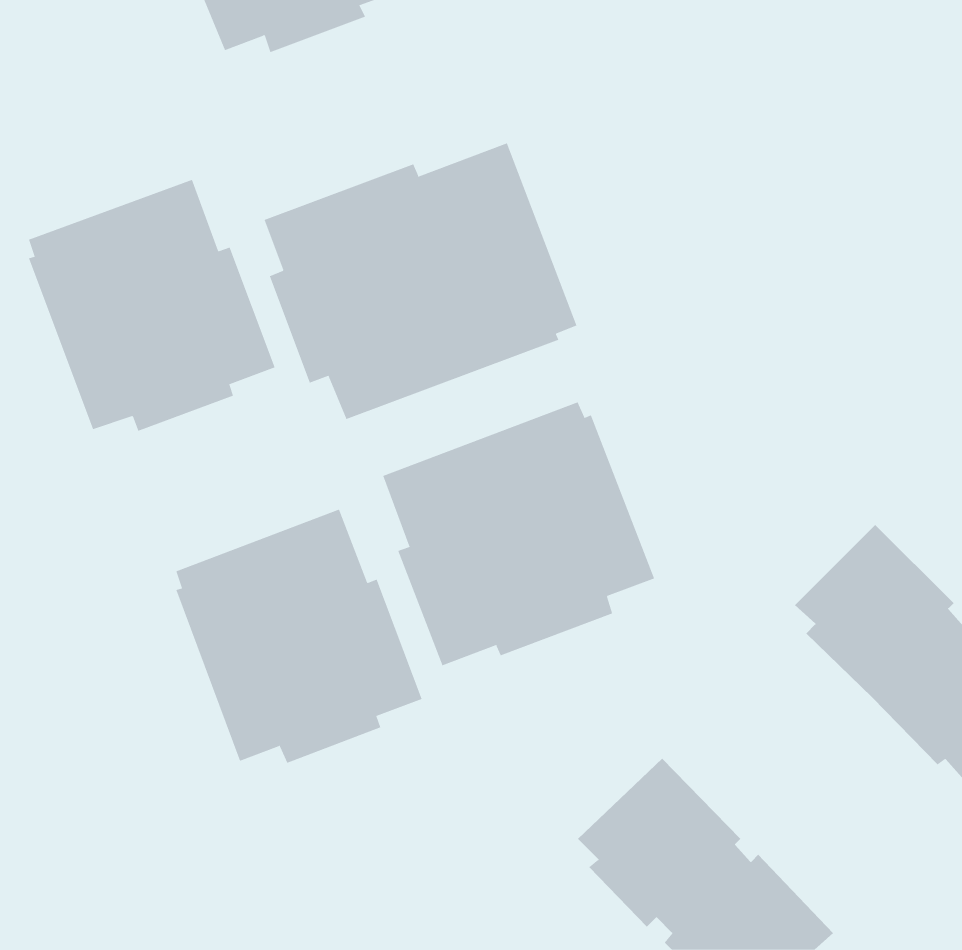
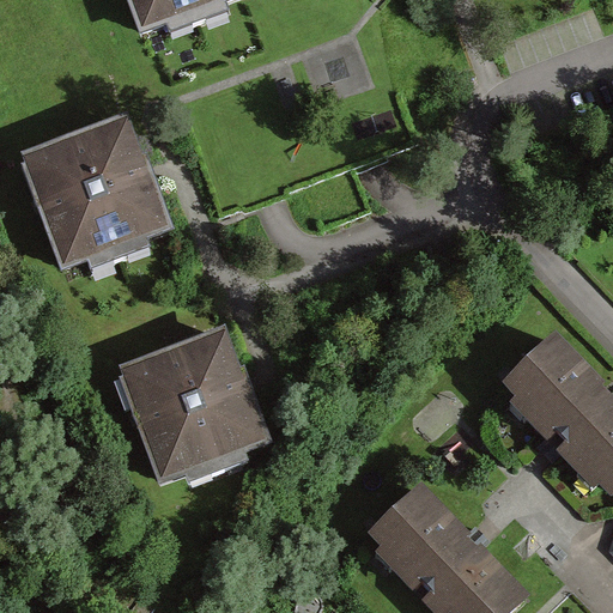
building: [264,142,577,420] -> none
building: [382,401,655,666] -> none

